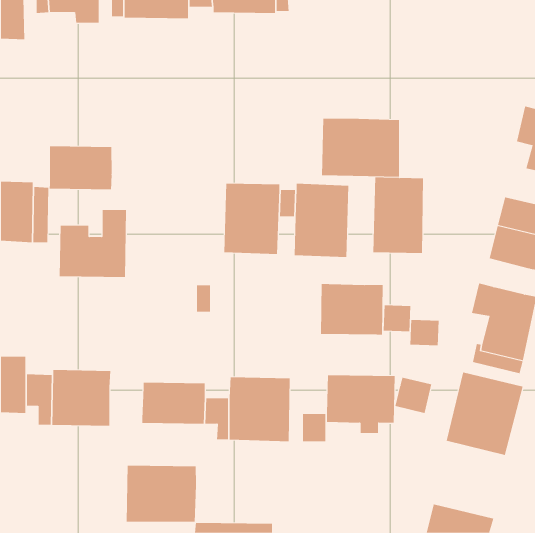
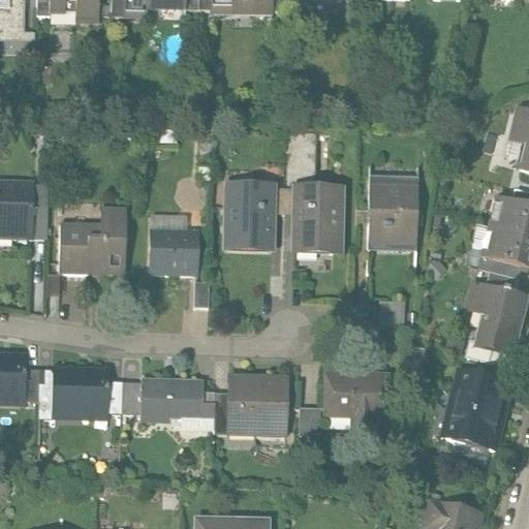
building: [322,118,400,178] -> none
building: [49,146,112,190] -> none
building: none -> [148,228,198,277]
building: none -> [479,255,523,290]
building: [320,283,383,335] -> none
building: [410,319,439,346] -> none
building: [395,377,432,414] -> none
building: none -> [110,382,142,413]
building: [126,465,197,523] -> none

